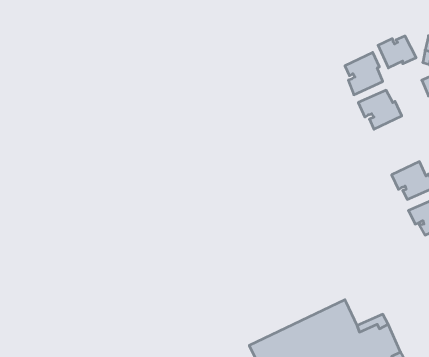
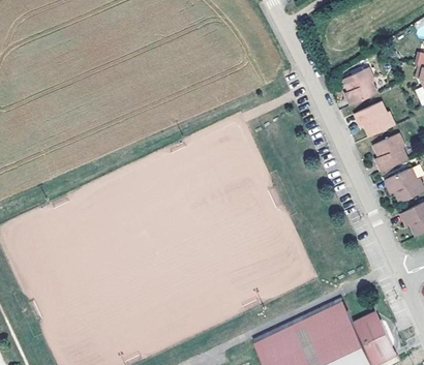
building: [378,36,416,68] -> none
building: none -> [373,133,408,172]

